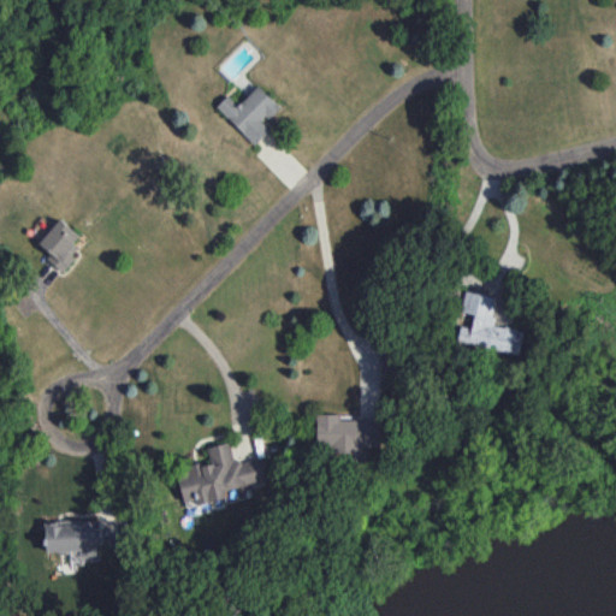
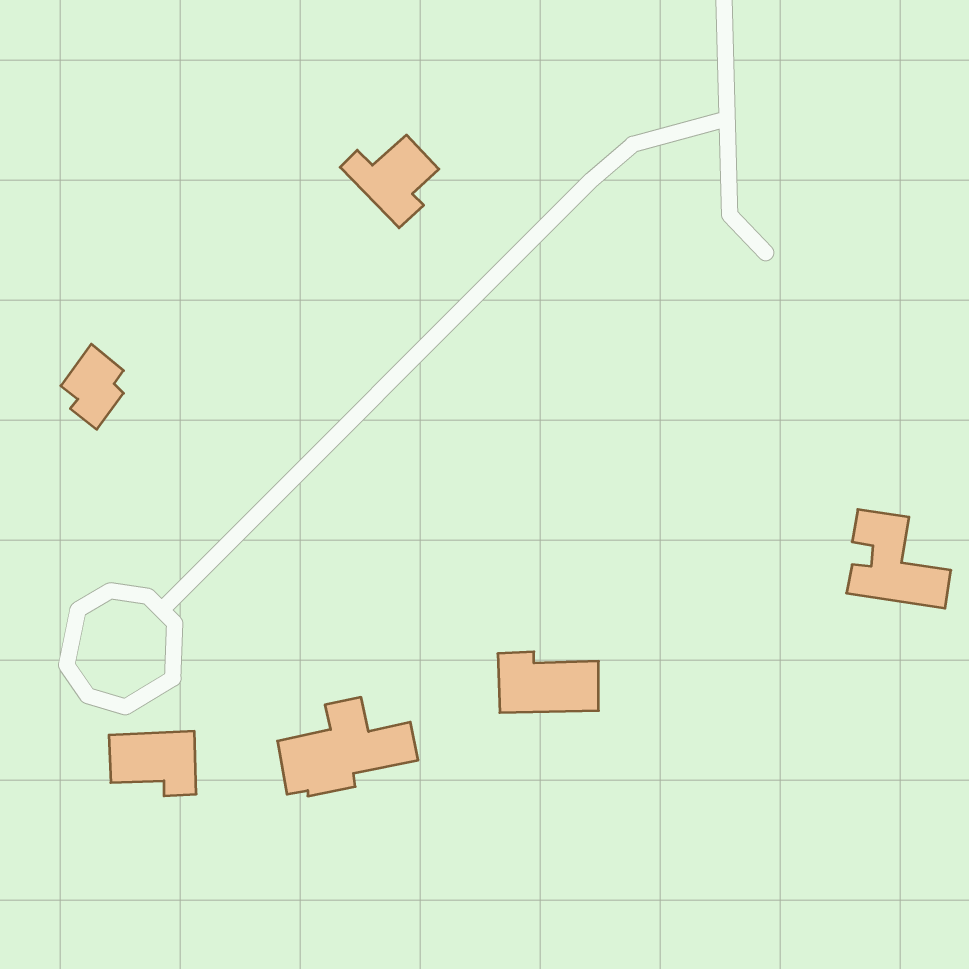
building: [456,292,522,355] -> [846,509,951,608]
building: [45,520,100,561] -> [109,731,196,796]

